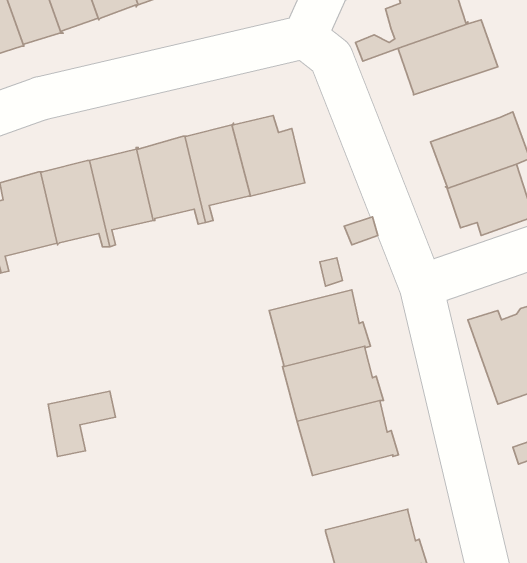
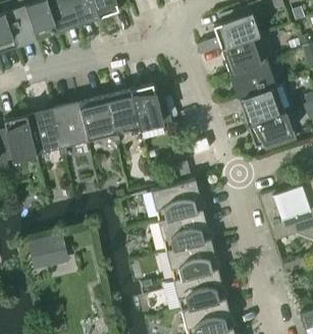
building: none -> [228,58,275,99]
building: none -> [172,269,227,311]

